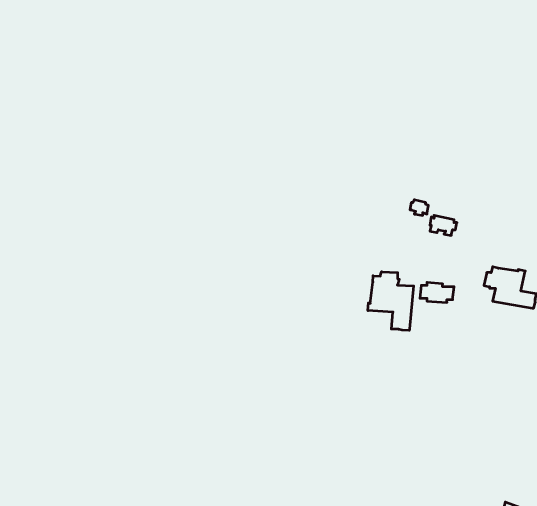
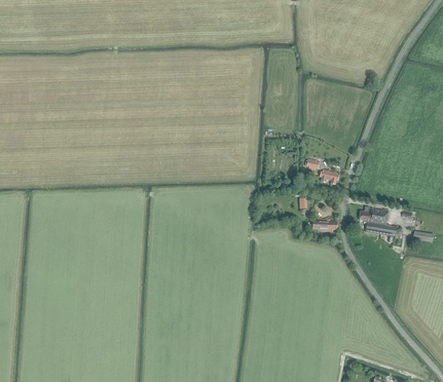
building: [368,272,414,330] -> none

